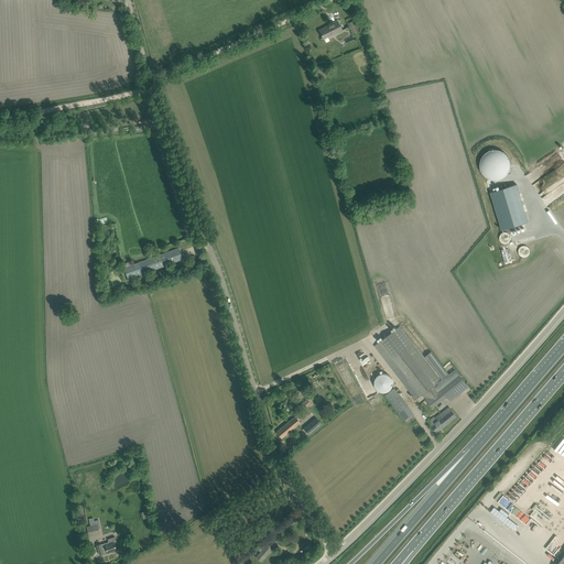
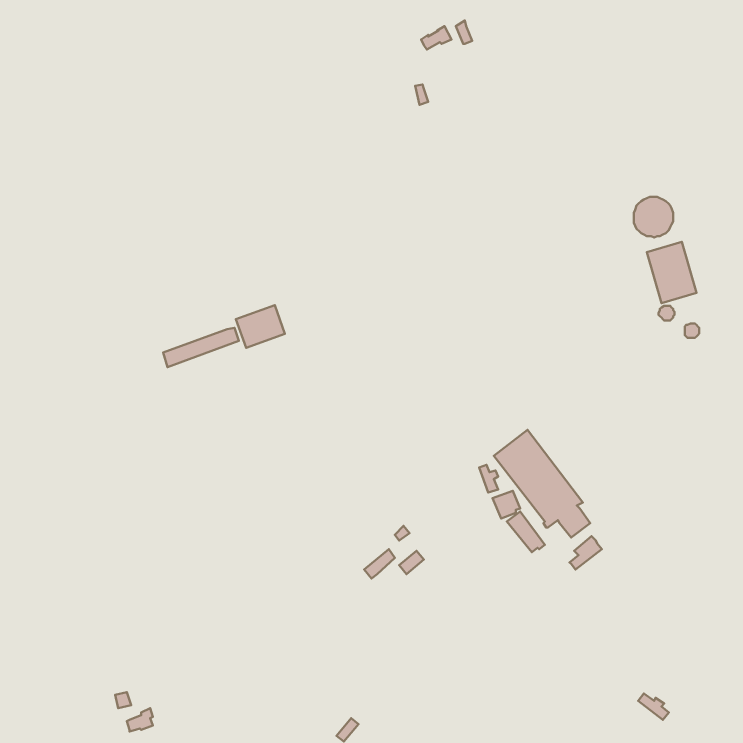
building: none -> [236,305,285,348]
building: [423,350,467,400] -> none

